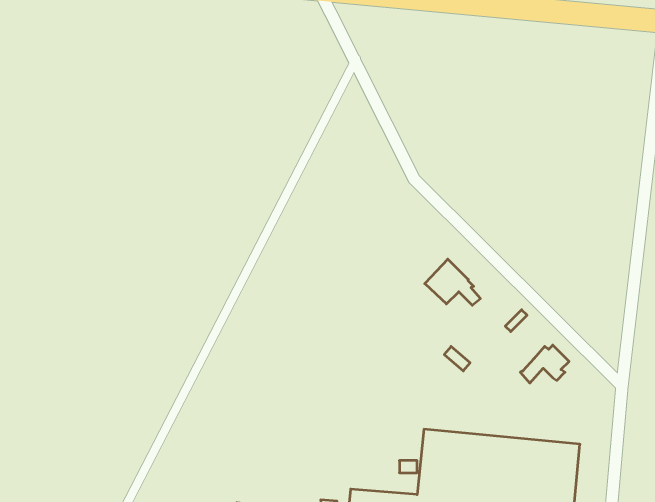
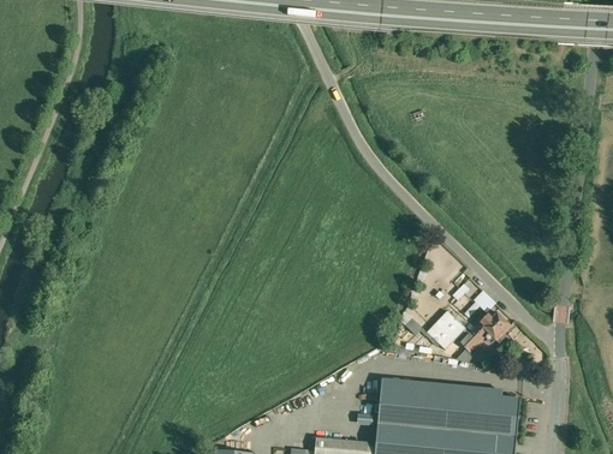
building: [425,259,480,305] -> [425,310,475,351]

